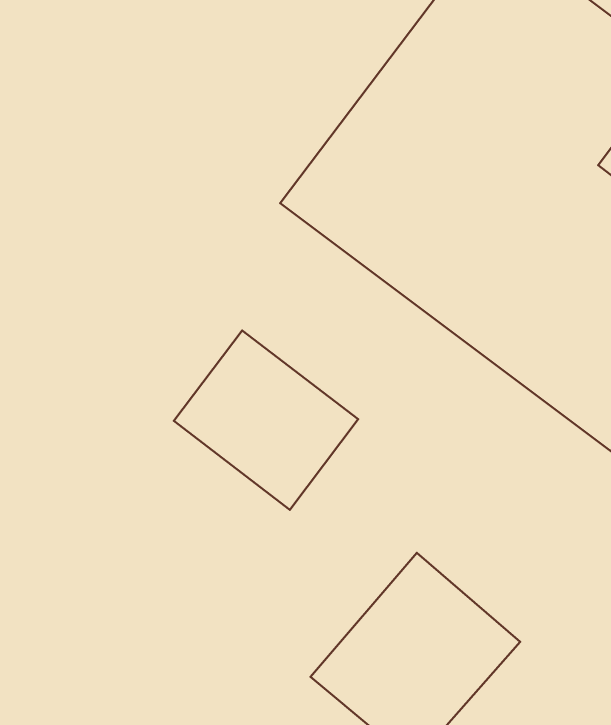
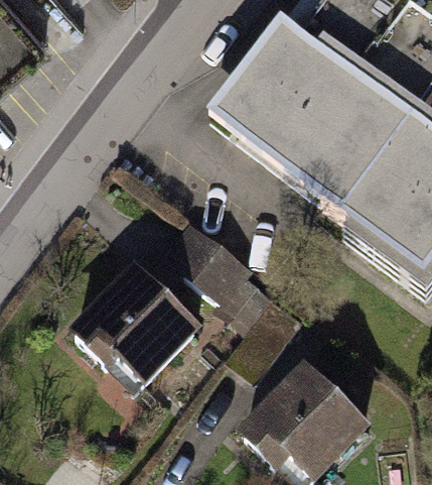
building: none -> [70,262,192,384]

